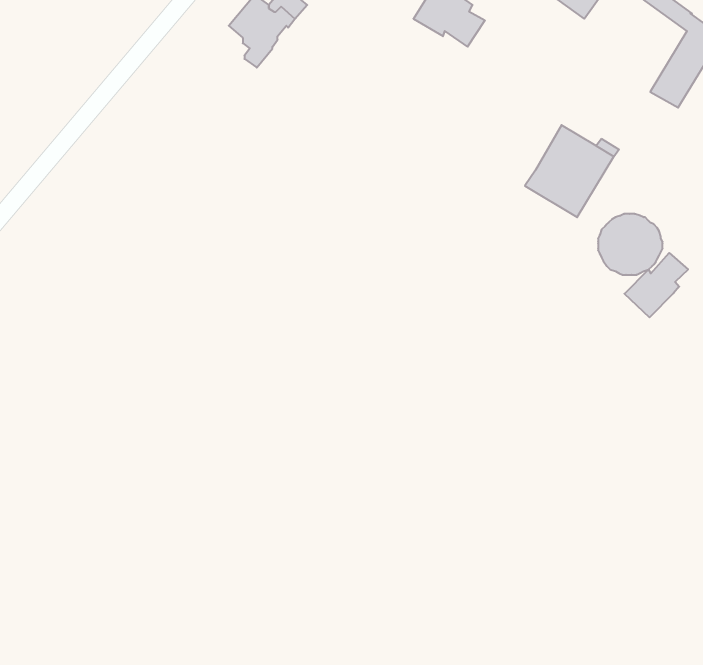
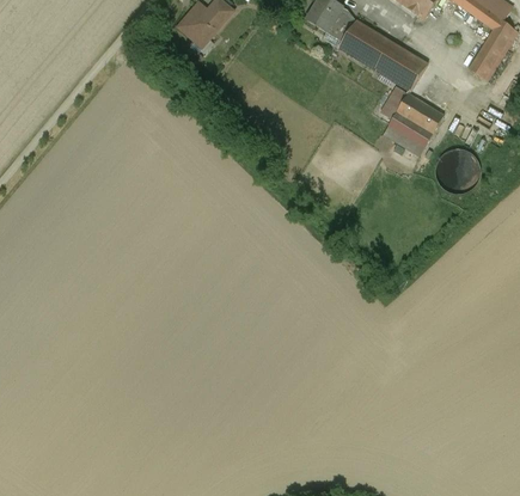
building: none -> [338,20,427,91]
building: [624,253,688,317] -> none

